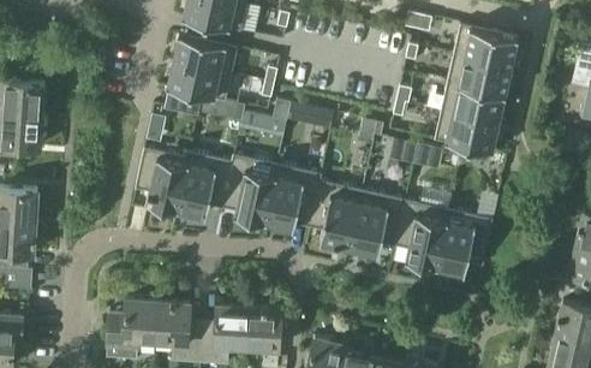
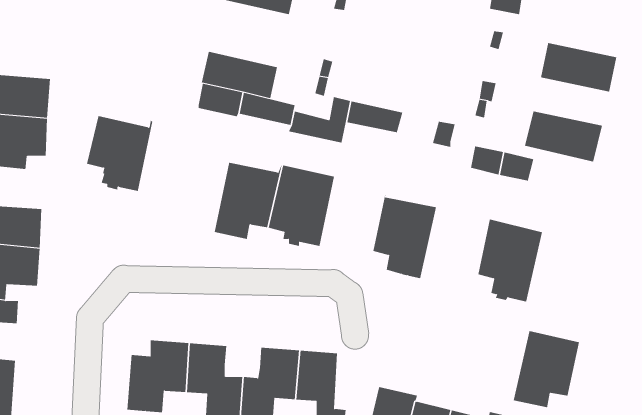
building: [453,25,518,67] -> none
building: [173,36,237,76] -> none
building: [441,84,505,124] -> none
building: [135,149,190,212] -> [86,116,153,191]
building: [265,166,320,230] -> none
building: [348,191,405,256] -> none
building: [436,212,491,275] -> [513,331,580,408]

